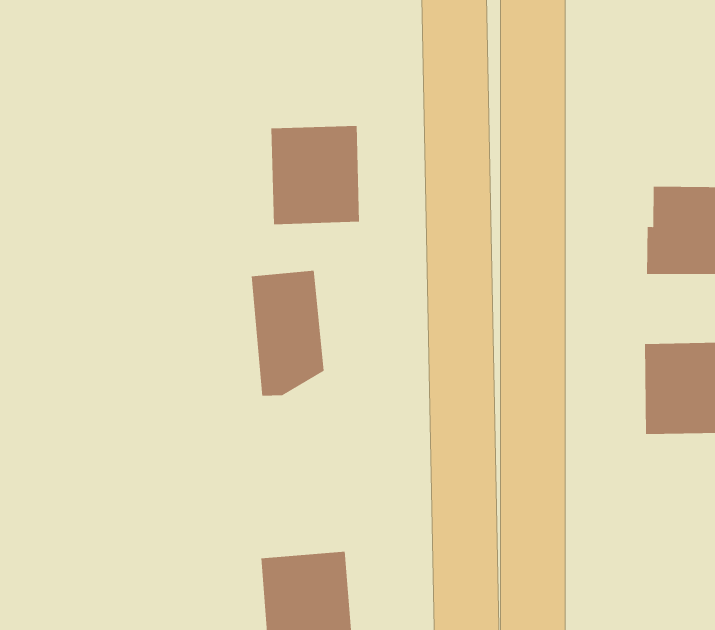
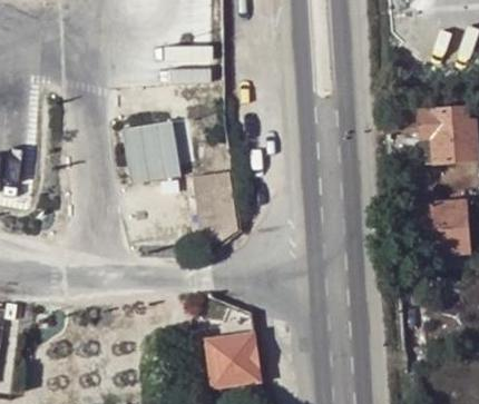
building: [271,125,360,225] -> [126,119,180,179]

